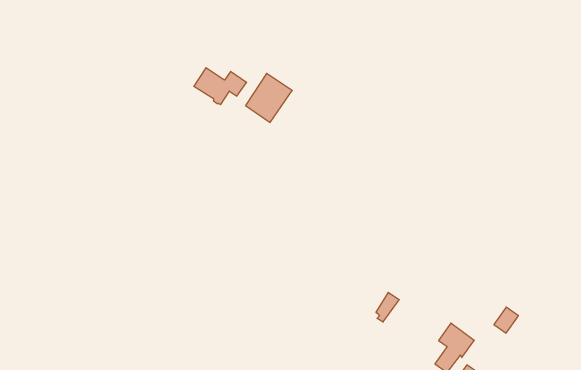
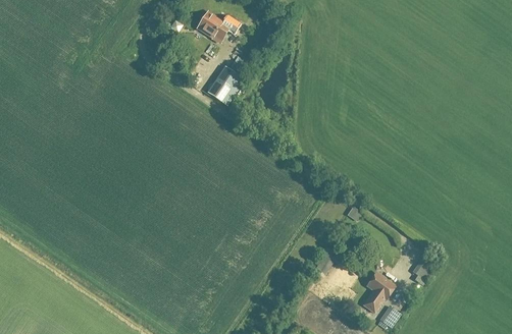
building: [194,68,247,105] -> [197,11,241,42]

